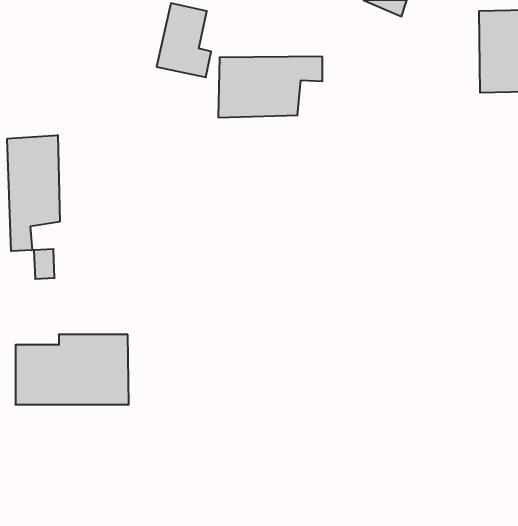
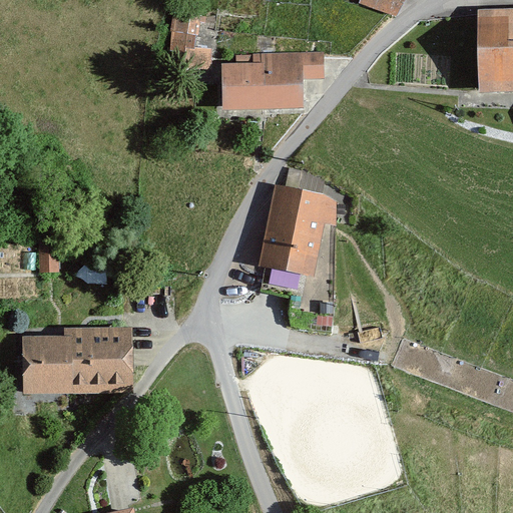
building: [7,135,60,251] -> none
building: none -> [260,180,337,278]

